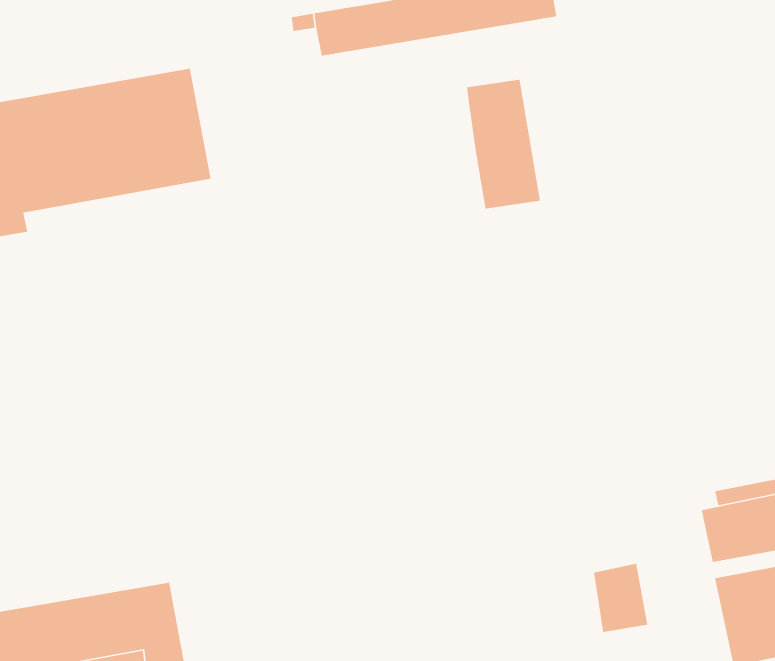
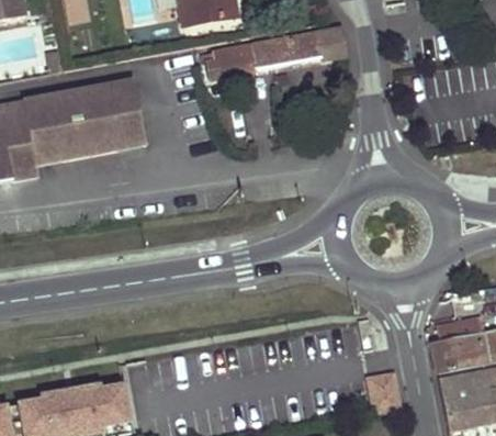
building: [466,79,541,209] -> none

